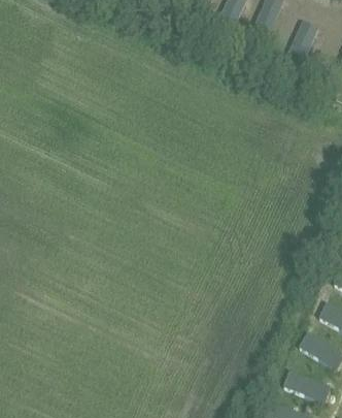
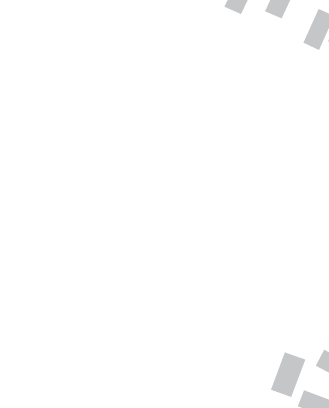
building: none -> [270,352,306,398]

